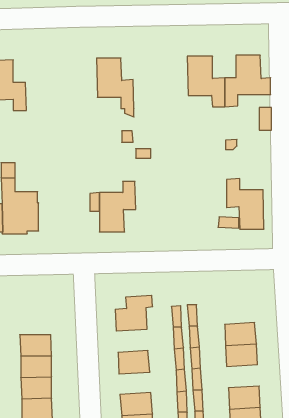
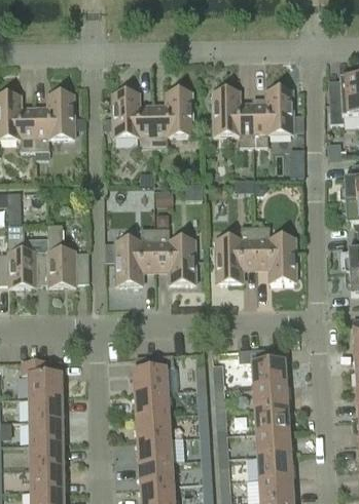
building: none -> [152,91,193,148]
building: none -> [34,93,74,163]
building: none -> [47,223,88,285]
building: none -> [215,226,255,281]
building: none -> [154,227,195,282]
building: none -> [238,347,286,385]
building: none -> [22,359,62,396]
building: none -> [134,390,169,416]
building: none -> [255,429,291,455]
building: none -> [137,437,172,462]

